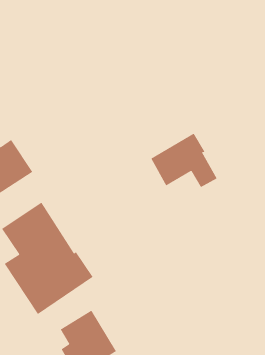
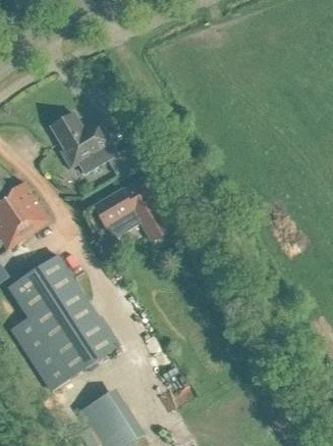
building: none -> [49,112,156,174]
building: [150,133,218,188] -> [92,176,171,241]

